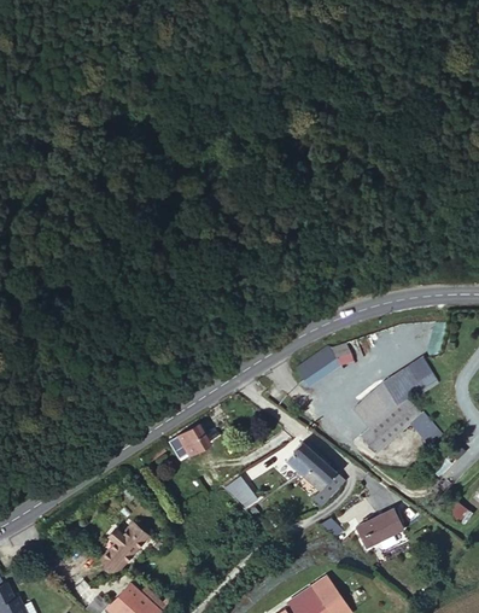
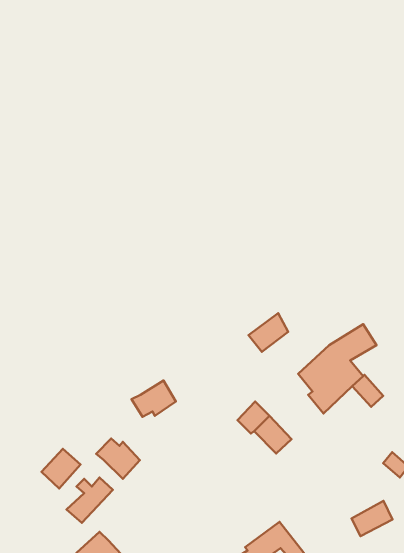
building: [222,477,258,509] -> none
building: none -> [96,438,140,479]
building: none -> [41,449,81,489]
building: [356,508,401,547] -> [352,501,392,536]

